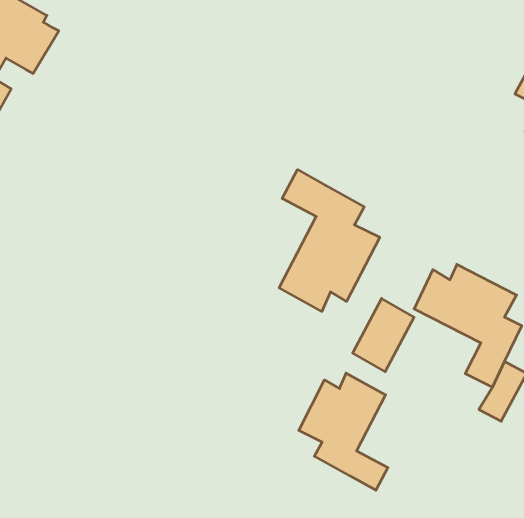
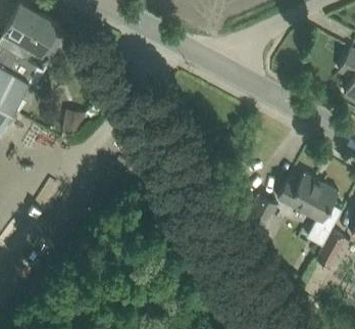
building: [279,170,380,311] -> none
building: [299,373,388,490] -> none

